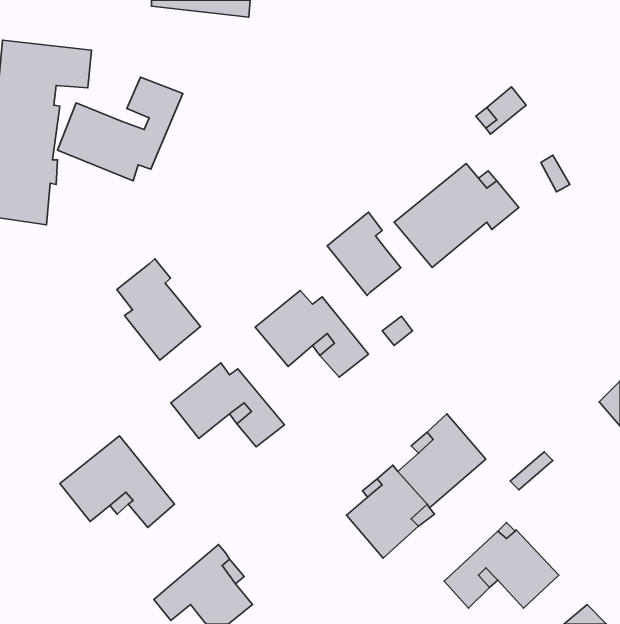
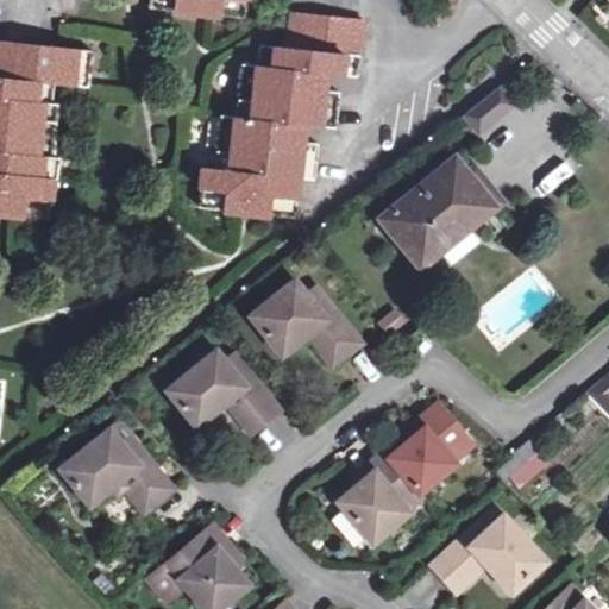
building: none -> [197,12,362,218]
building: [58,77,183,181] -> none
building: [327,212,401,295] -> none
building: [117,259,201,360] -> none

